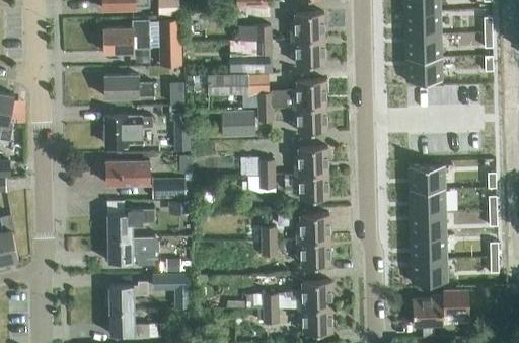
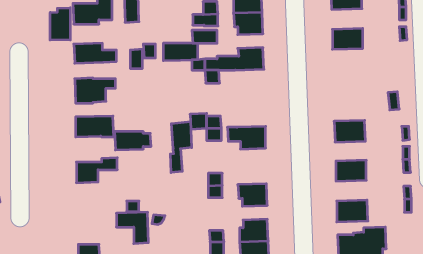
building: none -> [50,8,70,40]
building: [405,35,442,59] -> none
building: [293,106,326,132] -> none
building: [222,111,256,138] -> none
building: [173,119,190,152] -> none
building: [294,147,328,174] -> none
building: none -> [170,122,192,173]
building: [410,190,446,213] -> none
building: [296,214,329,241] -> none
building: [411,235,447,260] -> none
building: [107,237,156,266] -> none
building: [108,282,148,311] -> none

